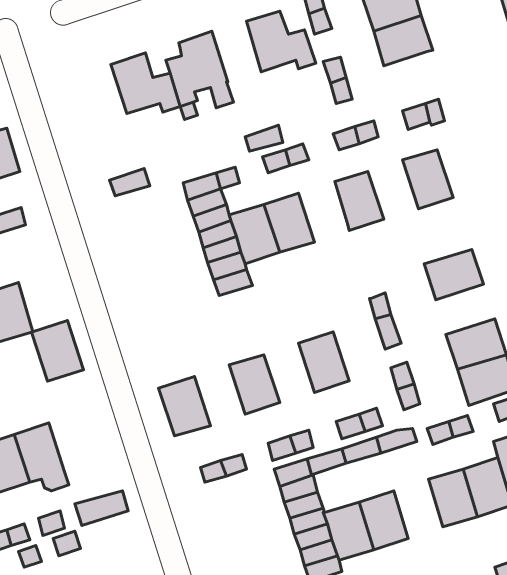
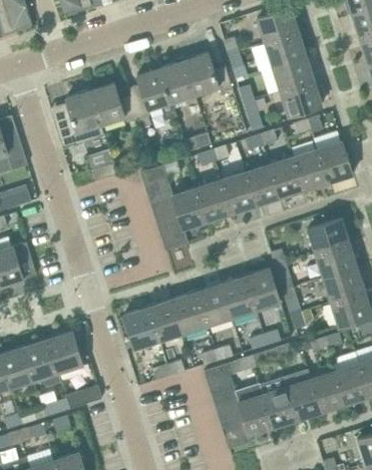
building: none -> [160,60,195,102]
building: none -> [280,80,322,115]
building: none -> [53,90,104,147]
building: none -> [317,141,353,182]
building: none -> [269,156,304,197]
building: none -> [221,171,256,213]
building: none -> [316,243,357,278]
building: [31,321,83,381] -> [47,331,83,373]
building: none -> [245,269,280,310]
building: none -> [197,284,232,325]
building: none -> [148,299,183,341]
building: none -> [287,378,321,419]

